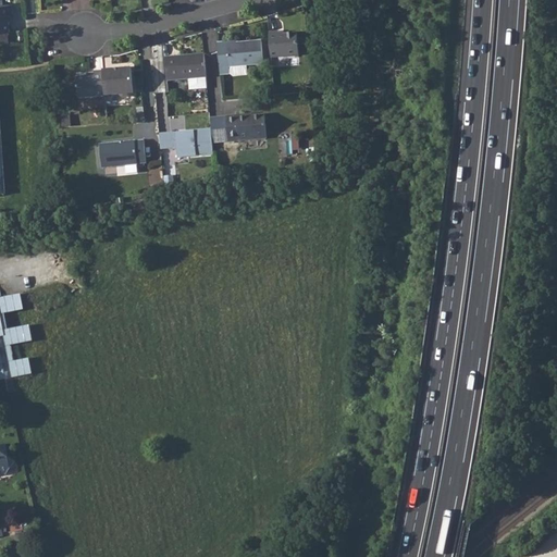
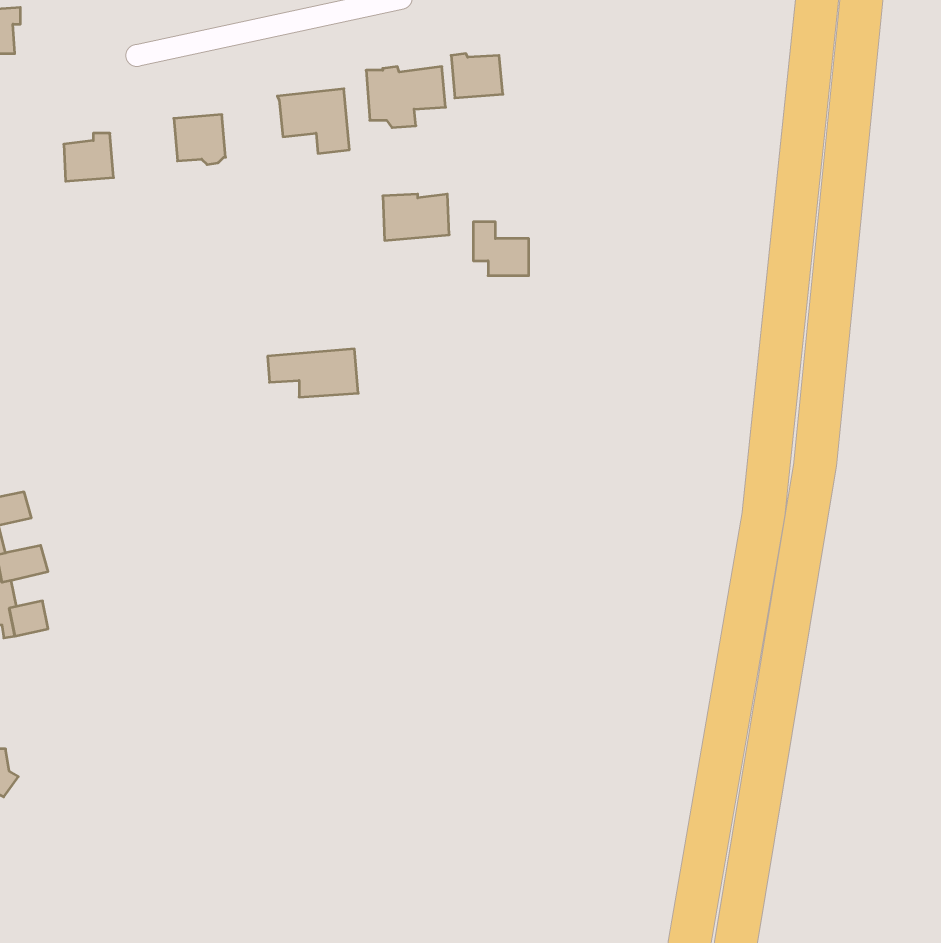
building: [75,70,104,98] -> [64,133,114,181]
building: [157,131,210,159] -> [268,349,358,397]
building: [99,139,145,166] -> none

